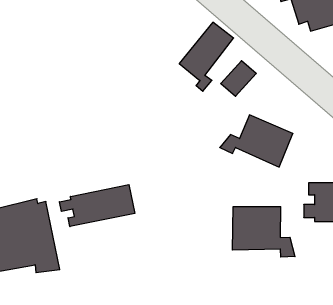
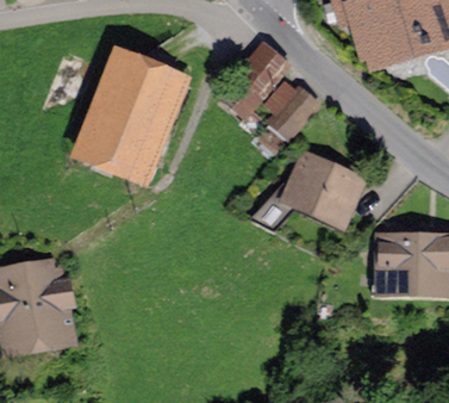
building: none -> [82,55,181,180]
building: [59,185,135,227] -> none
building: [233,207,295,257] -> none

